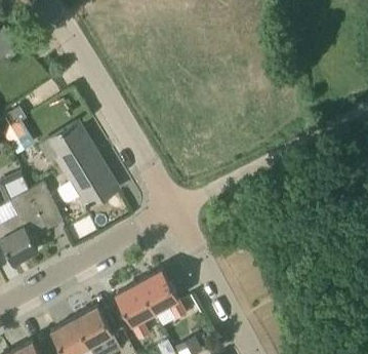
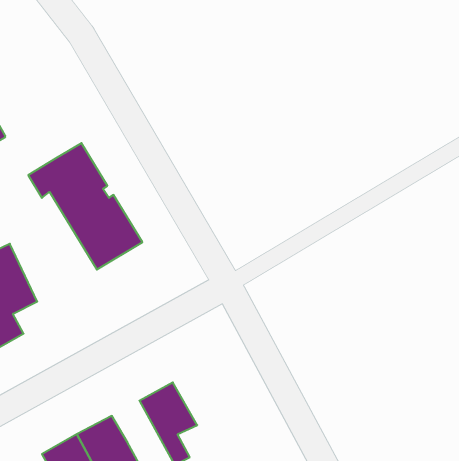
building: [29,184,63,230] -> none
building: [138,271,186,320] -> none

